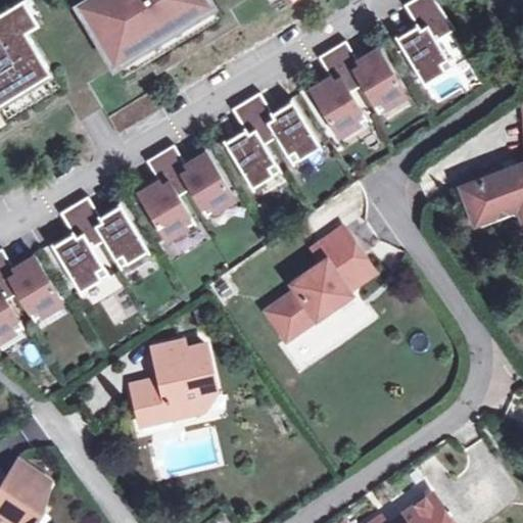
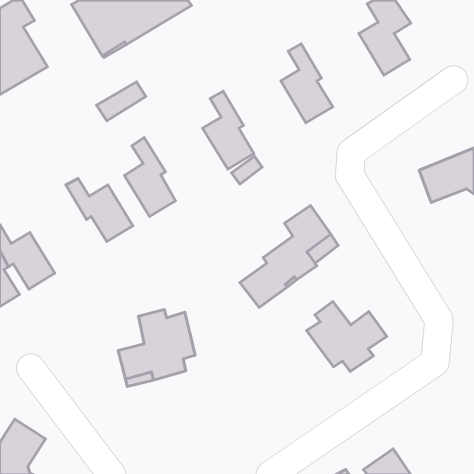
building: [331,41,405,112] -> none
building: [245,93,319,163] -> none
building: [158,145,232,216] -> none
building: [51,204,107,291] -> none
building: none -> [307,302,387,372]

